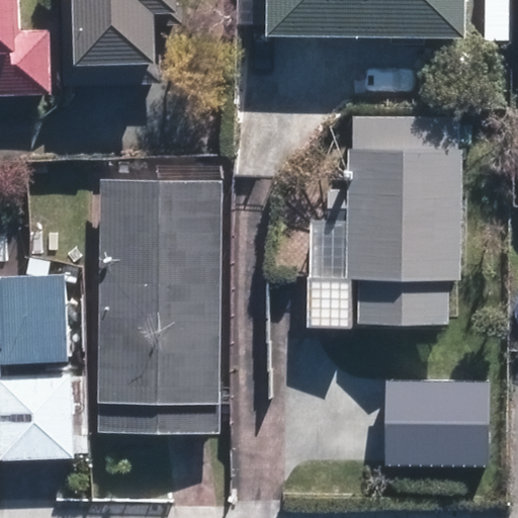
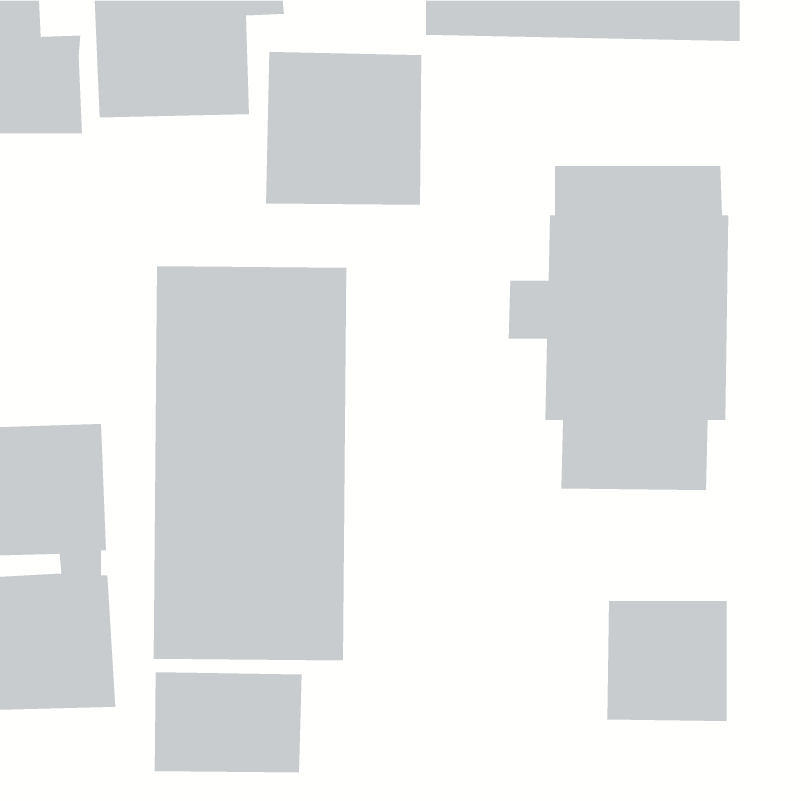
building: none -> [265,51,422,206]
building: none -> [154,671,302,773]

